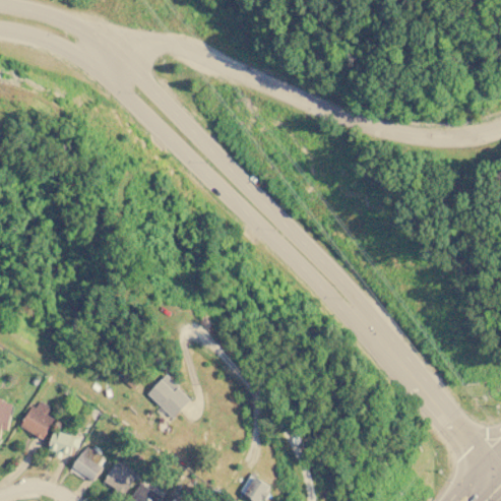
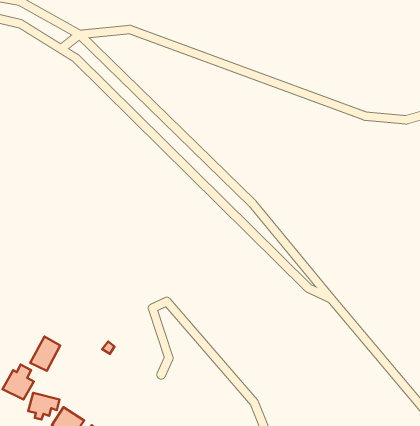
building: none -> [30,337,60,371]
building: [148,375,191,418] -> none

